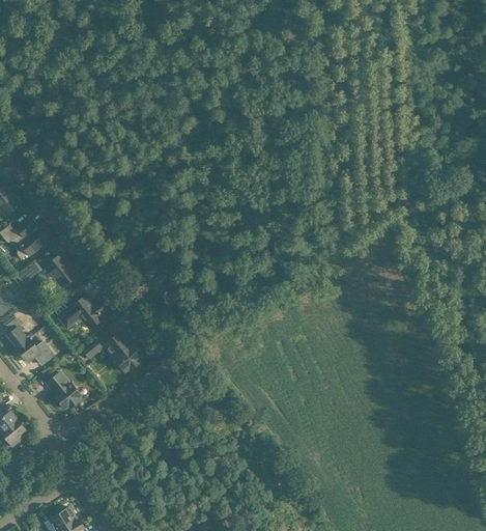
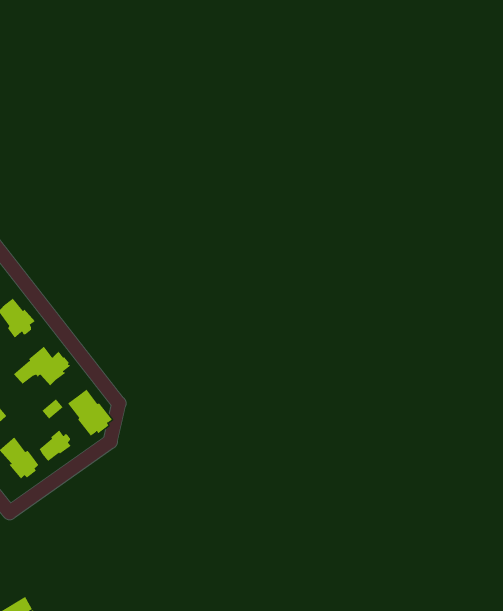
building: none -> [39,429,72,462]

